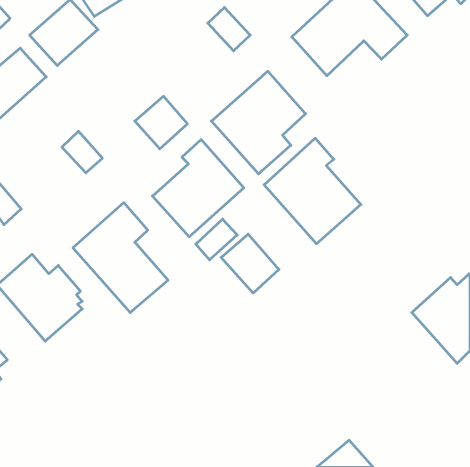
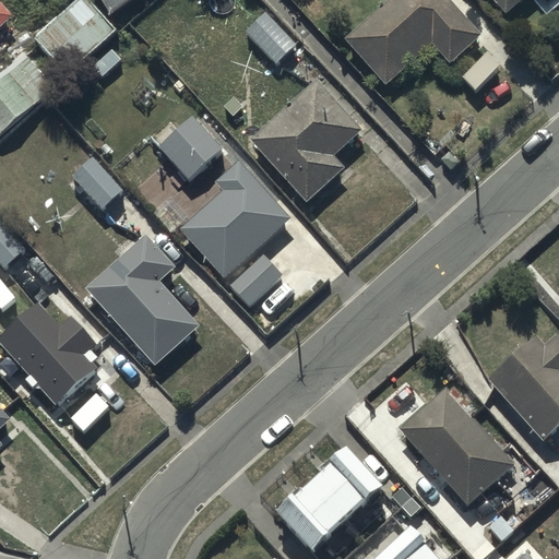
building: [264,138,361,244] -> none
building: [221,234,279,293] -> none
building: none -> [395,382,508,498]
building: none -> [275,438,381,543]

